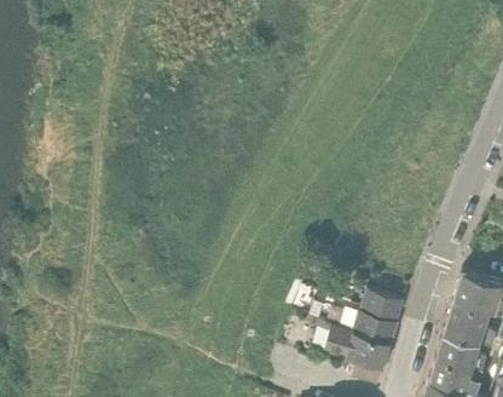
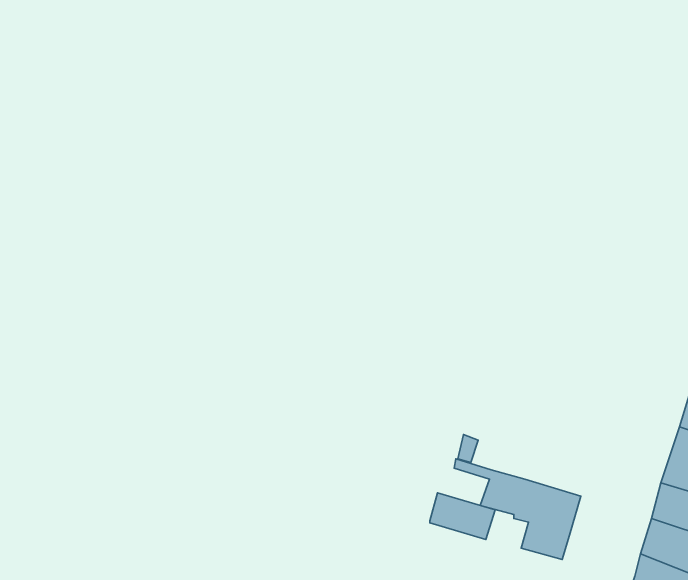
building: [362,287,404,317] -> none
building: [354,311,397,341] -> [430,493,495,540]

